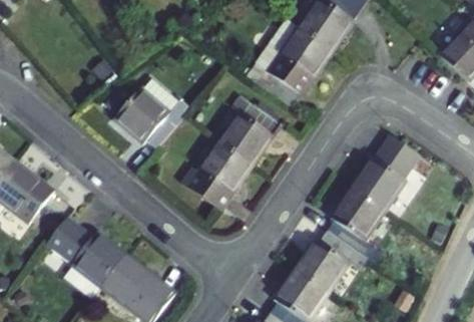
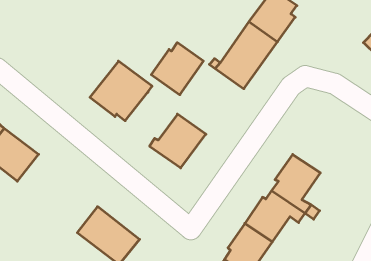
building: [214,101,277,164] -> [151,43,203,95]
building: [352,135,420,210] -> none
building: [40,211,119,293] -> none

